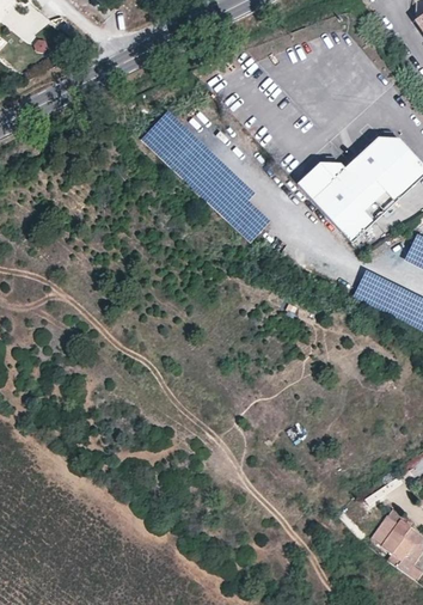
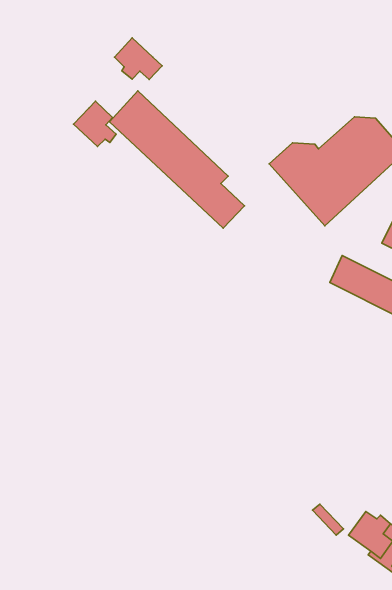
building: none -> [115,38,162,80]
building: none -> [74,101,116,146]

